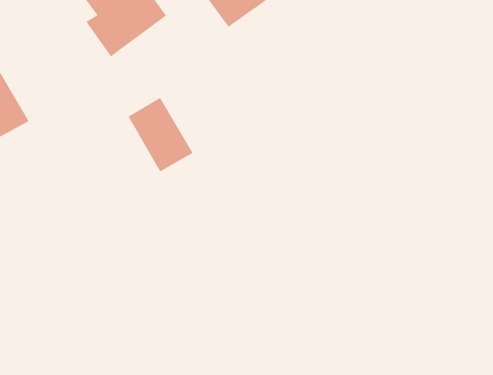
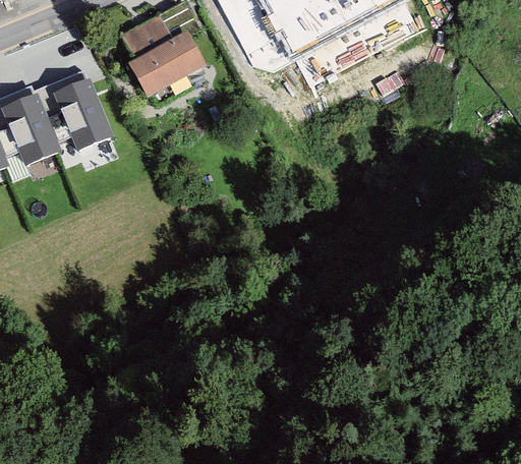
building: [128,97,193,172] -> [54,74,112,146]

